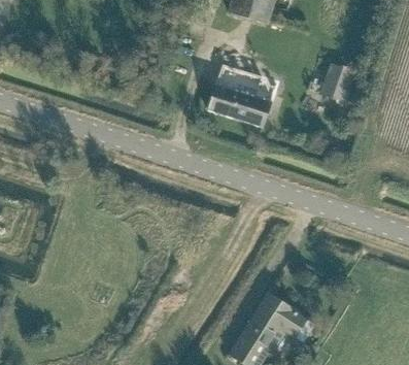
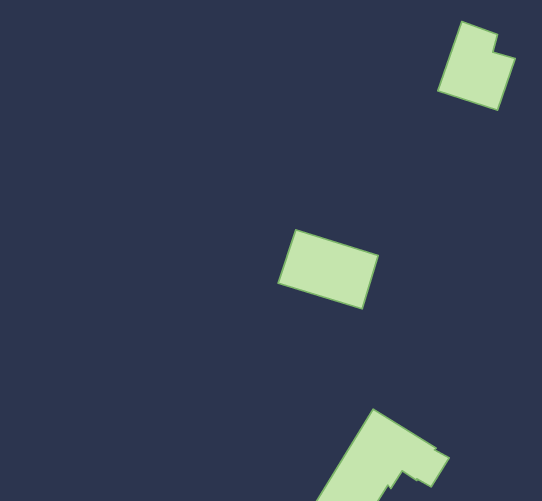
building: [209,74,273,125] -> [278,230,378,309]

